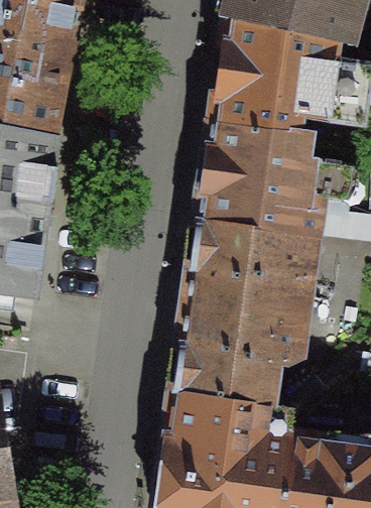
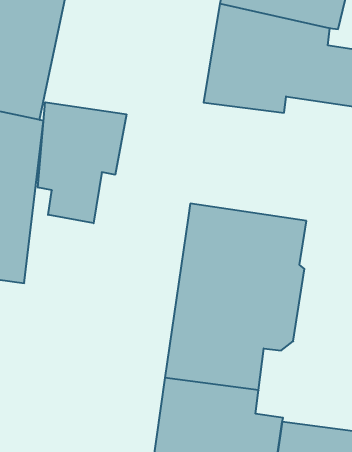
building: none -> [38,102,126,223]
building: [203,122,330,239] -> none

